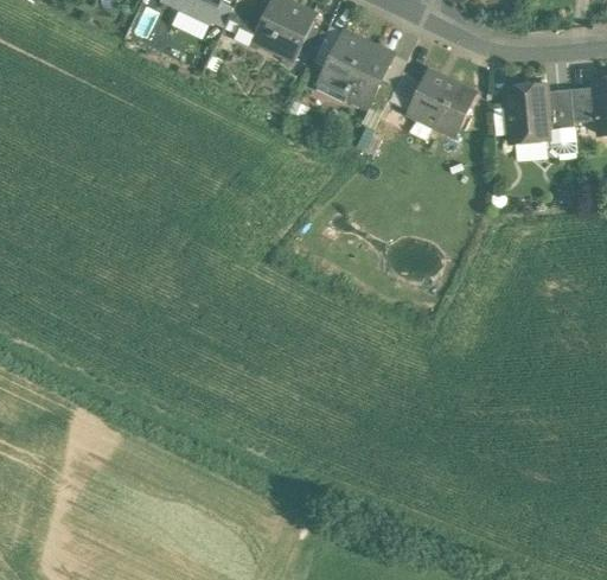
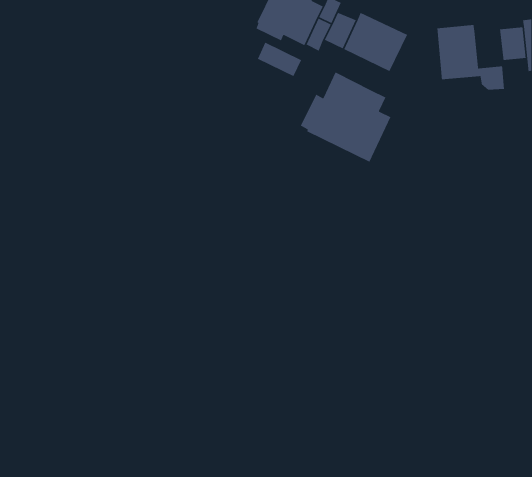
building: [545,89,574,129] -> none
building: none -> [257,42,302,77]
building: none -> [300,72,392,163]

